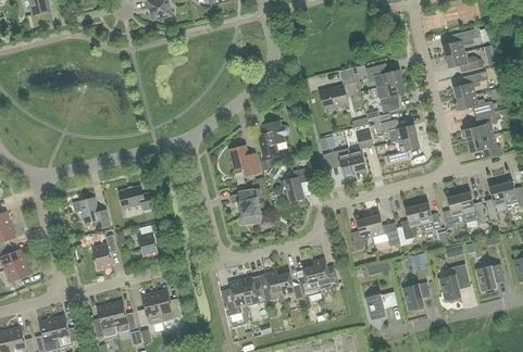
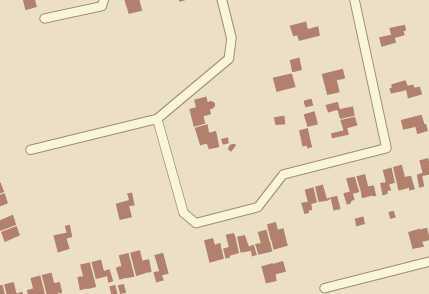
building: [445,51,483,71] -> none
building: [364,63,401,87] -> [289,21,321,42]
building: [452,71,487,99] -> none
building: [460,111,496,140] -> none
building: [257,120,288,156] -> [188,96,216,128]
building: [322,148,353,174] -> none
building: [283,167,308,201] -> none
building: [117,185,153,210] -> none
building: [228,188,261,224] -> none
building: [72,197,109,227] -> none
building: [91,235,115,268] -> [53,224,73,253]
building: [438,265,469,300] -> none
building: [226,279,246,315] -> [153,252,169,283]
building: [402,282,428,310] -> none
building: [365,291,396,318] -> [260,261,287,284]

